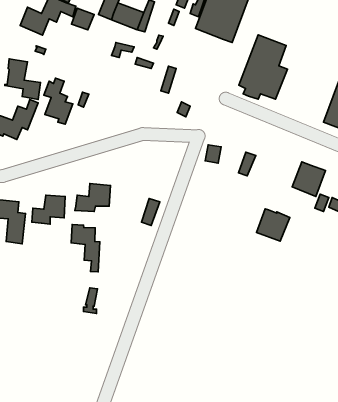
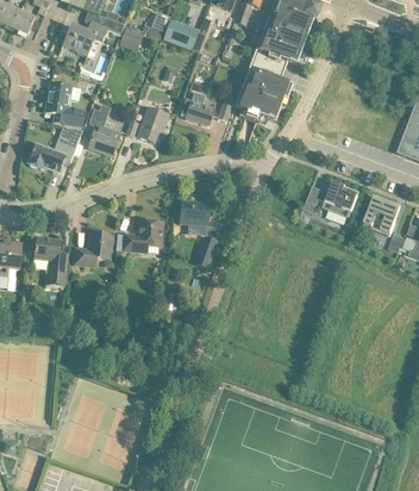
building: [239,35,287,99] -> [234,48,288,119]
building: none -> [181,91,214,124]
building: none -> [137,105,169,141]
building: none -> [180,199,210,224]
building: [257,209,290,241] -> [323,180,359,216]
building: [71,225,100,272] -> none

